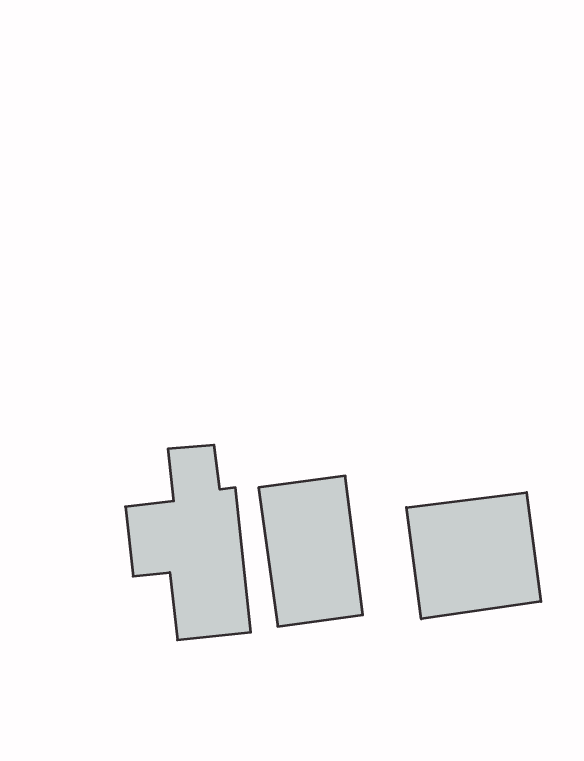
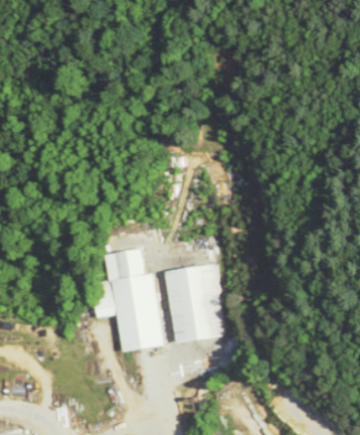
building: [406,492,541,619] -> none

